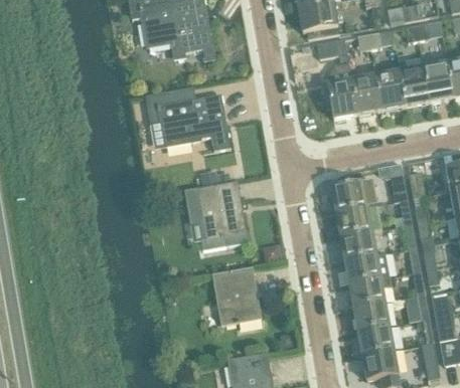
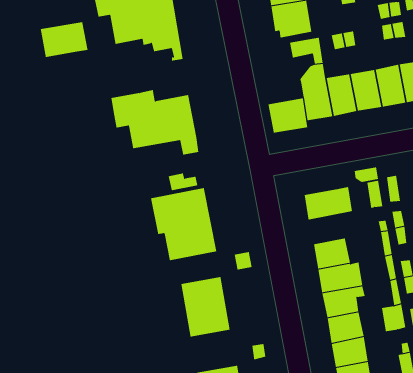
building: none -> [40,21,88,58]
building: none -> [268,98,308,133]
building: [334,205,381,236] -> none

